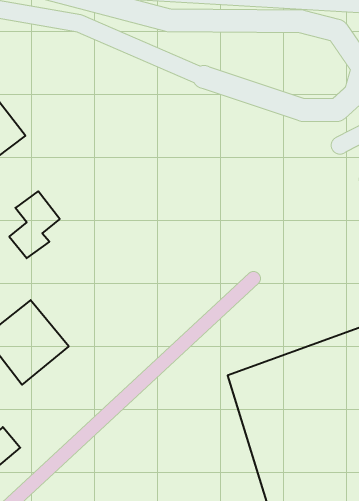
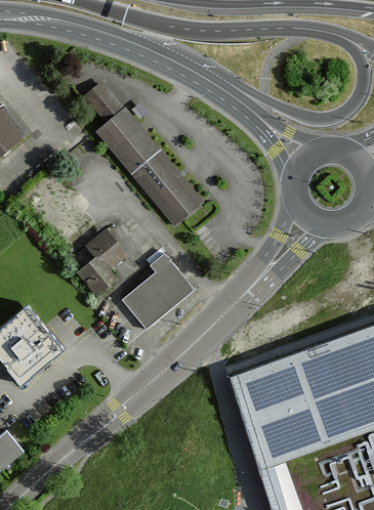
building: none -> [82,80,204,226]
building: [9,191,60,258] -> [78,230,128,297]
building: none -> [123,256,195,332]

